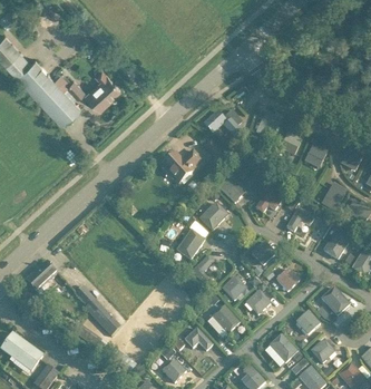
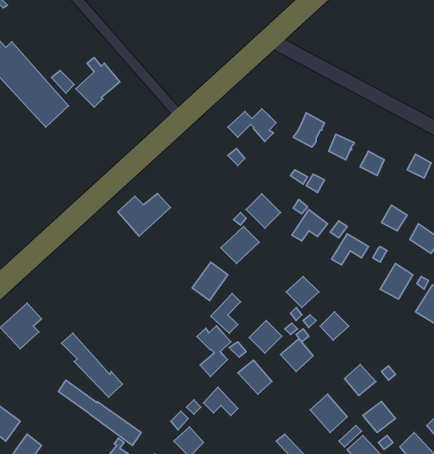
building: [160,150,202,184] -> [118,193,170,236]
building: none -> [197,326,231,376]
building: [319,285,349,315] -> none

